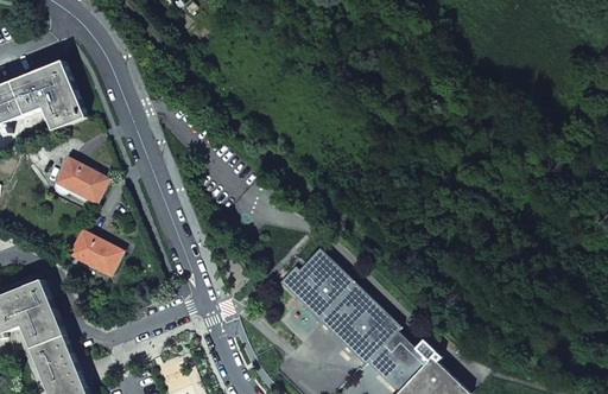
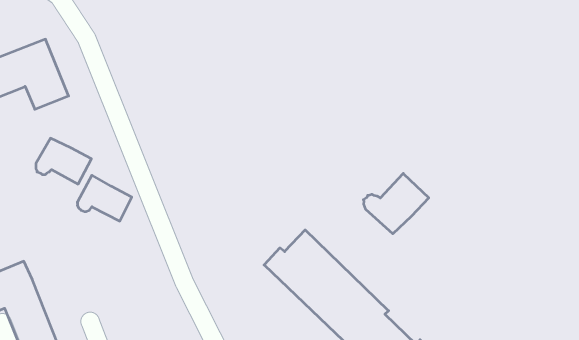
building: none -> [363,173,429,234]
building: [68,229,121,274] -> [77,175,132,221]

